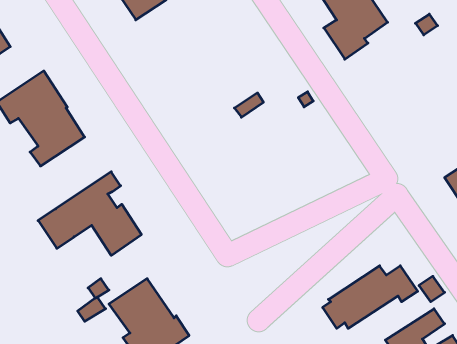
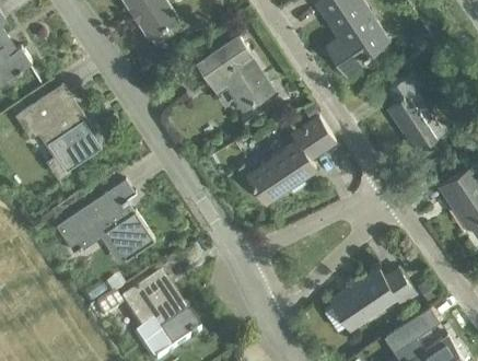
building: none -> [198,37,271,109]
building: none -> [386,75,442,150]
building: none -> [247,118,335,202]

